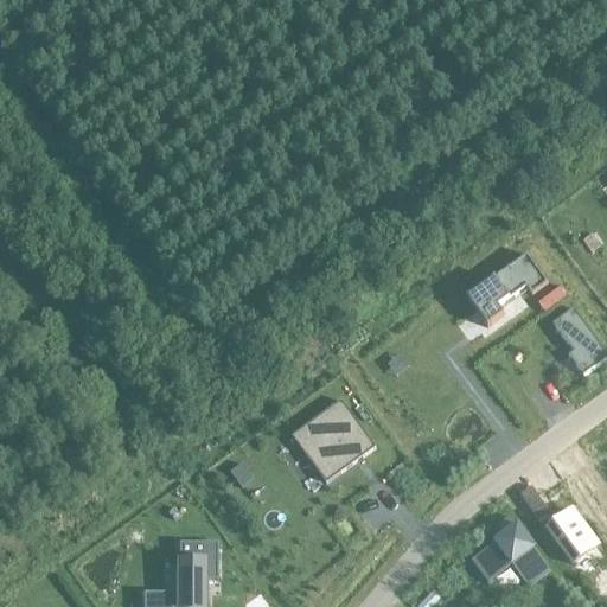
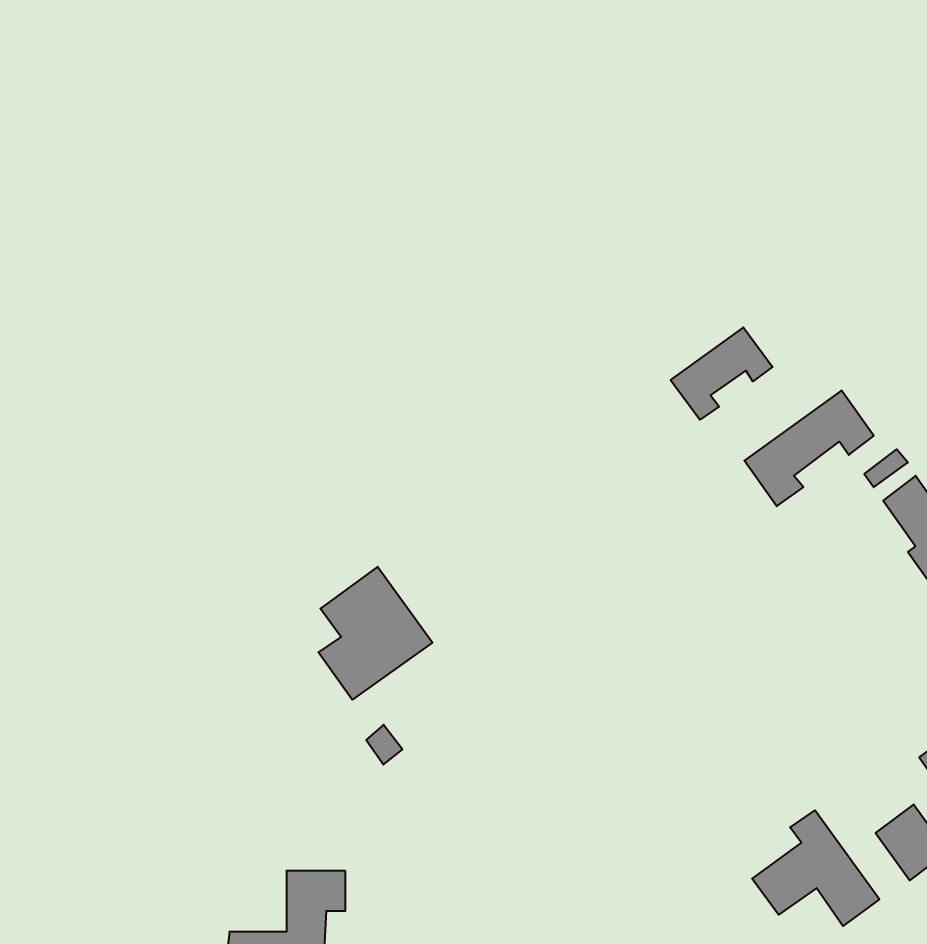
building: none -> [671,327,773,420]
building: [302,397,373,480] -> [318,567,432,700]

